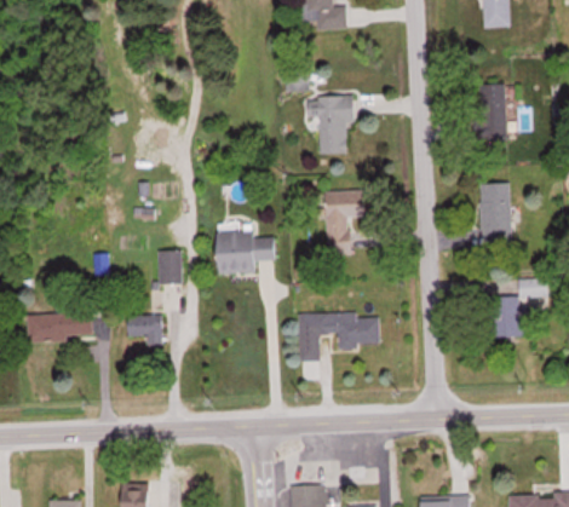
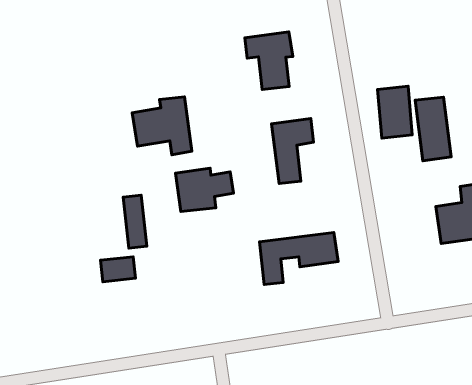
building: [475,83,508,136] -> [378,86,412,138]
building: none -> [132,97,192,155]
building: [27,312,92,341] -> none

